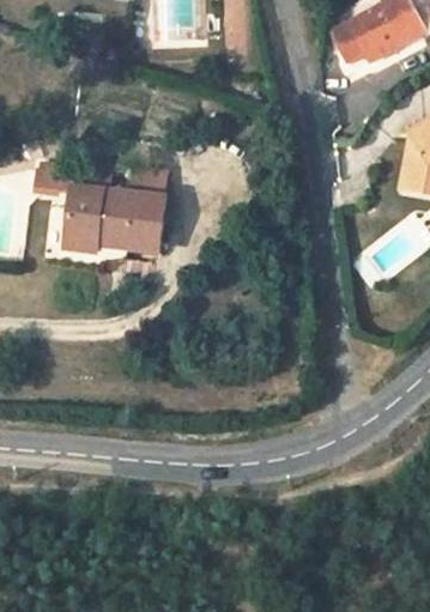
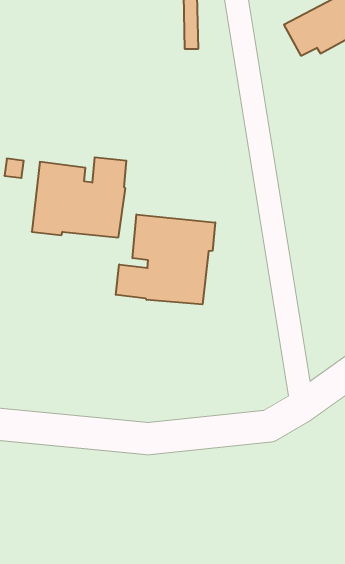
building: none -> [116,214,215,304]

